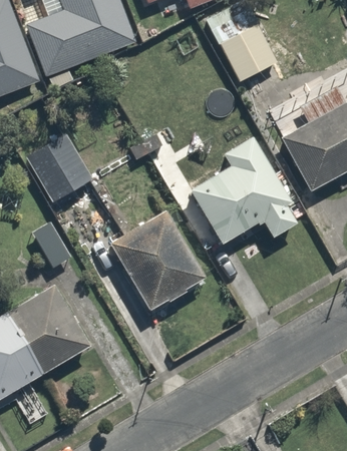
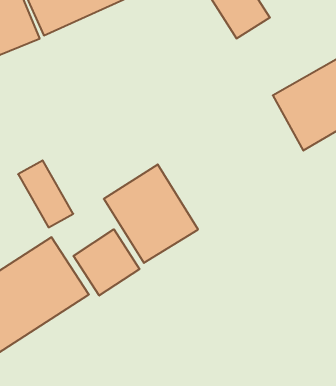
building: [24,125,92,198] -> none
building: [190,138,302,243] -> none
building: none -> [74,229,139,296]

